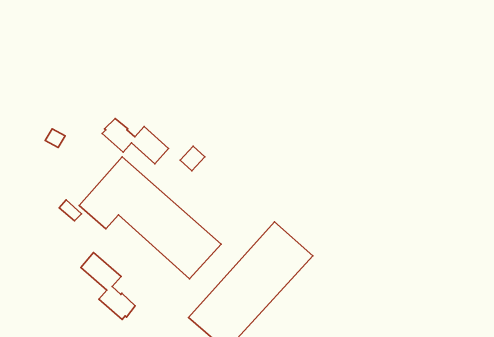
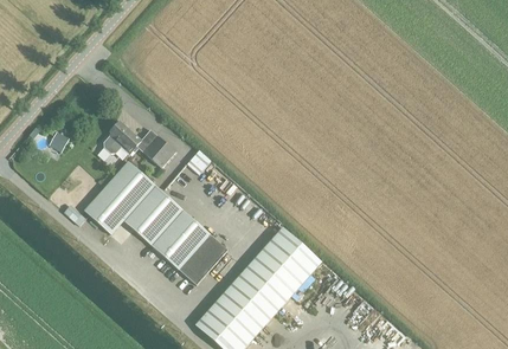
building: [81,252,135,320] -> none

